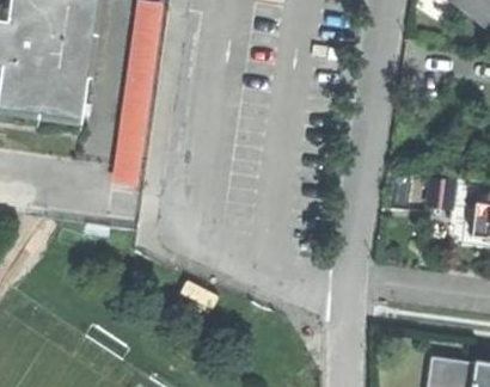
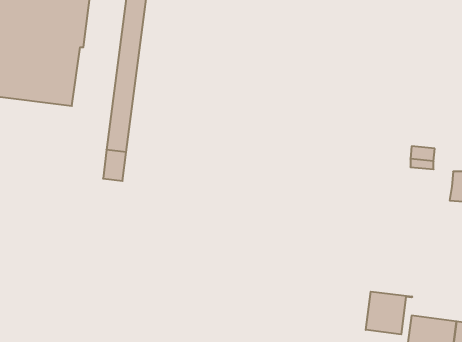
building: none -> [366,292,412,334]

